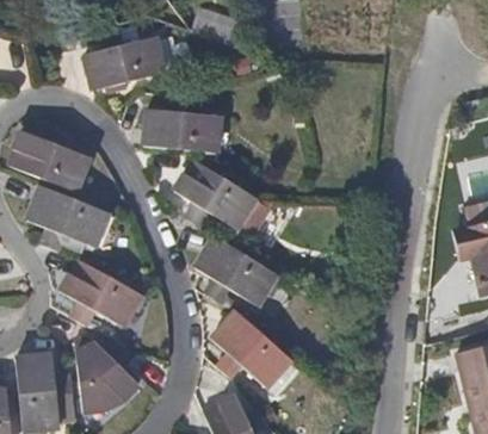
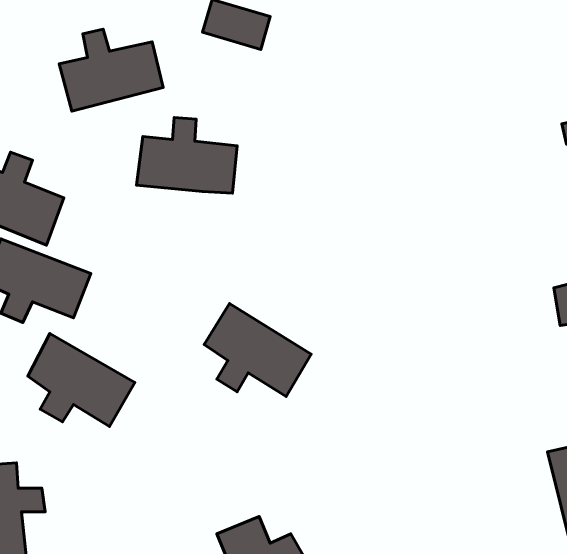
building: [174,161,274,240] -> none
building: [212,312,291,389] -> none
building: [76,336,140,411] -> none

